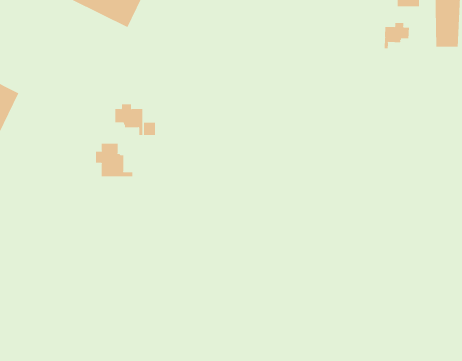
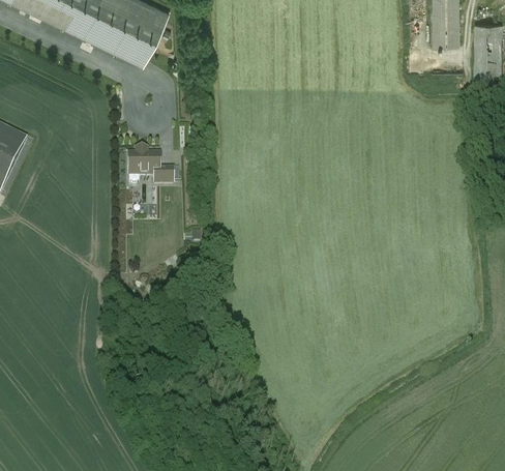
building: [384,22,409,49] -> none
building: [96,143,133,177] -> none

